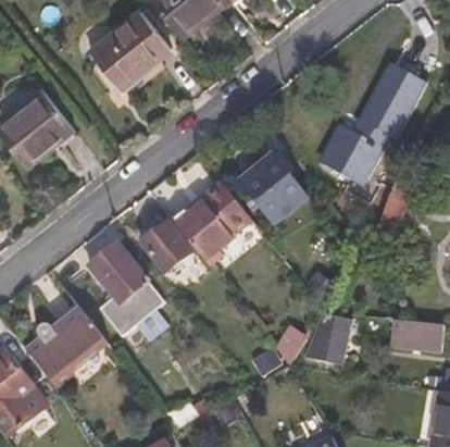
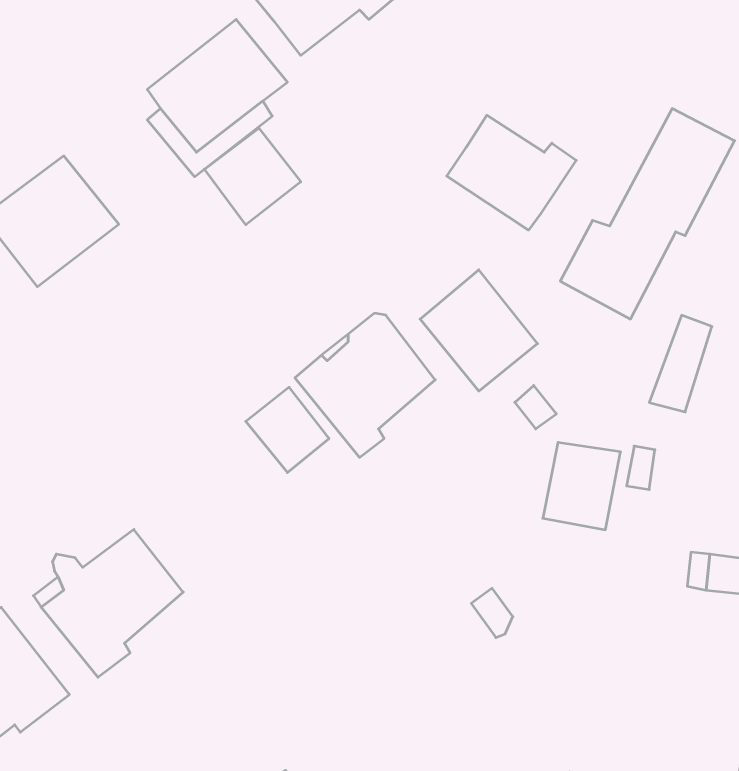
building: none -> [447,115,576,230]
building: none -> [204,128,301,225]
building: [92,245,167,337] -> none
building: [313,314,358,364] -> [543,442,621,530]

